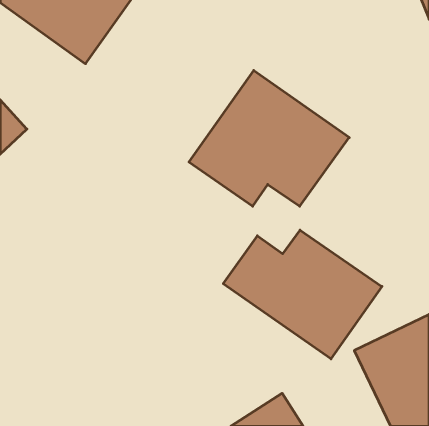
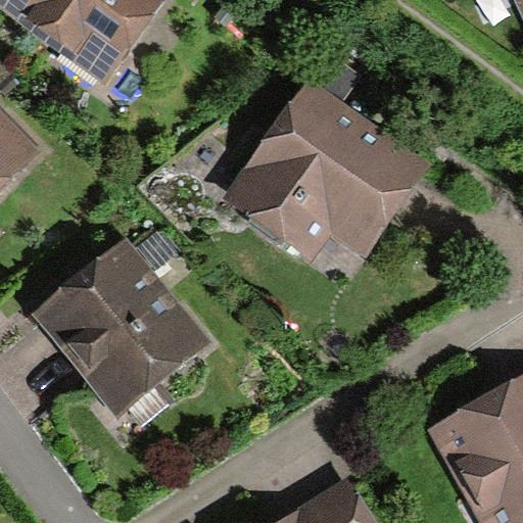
building: none -> [35,242,204,415]
building: [223,230,382,359] -> none

